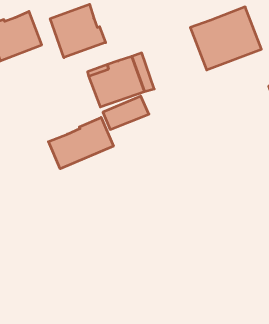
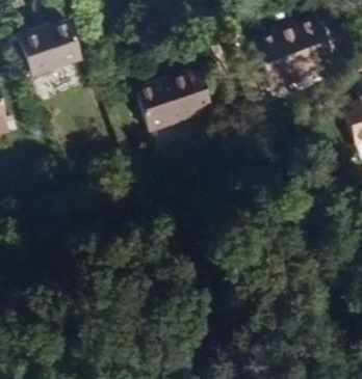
building: [50,4,106,58] -> none
building: [48,117,113,169] -> none

